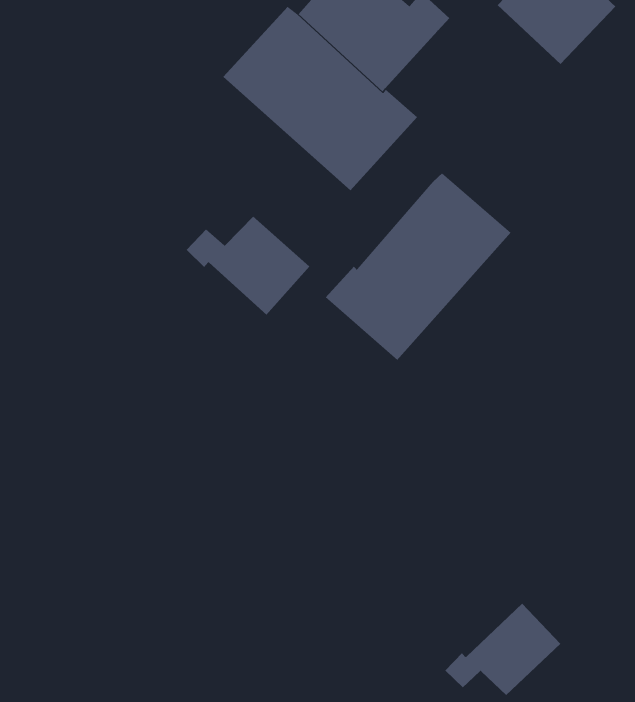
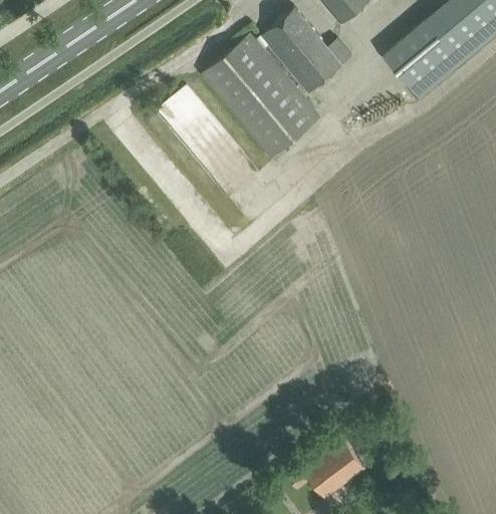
building: [325,172,511,361] -> none
building: [186,216,310,315] -> none

